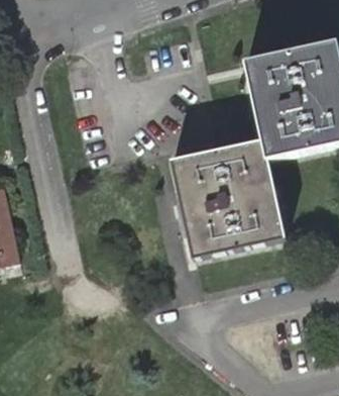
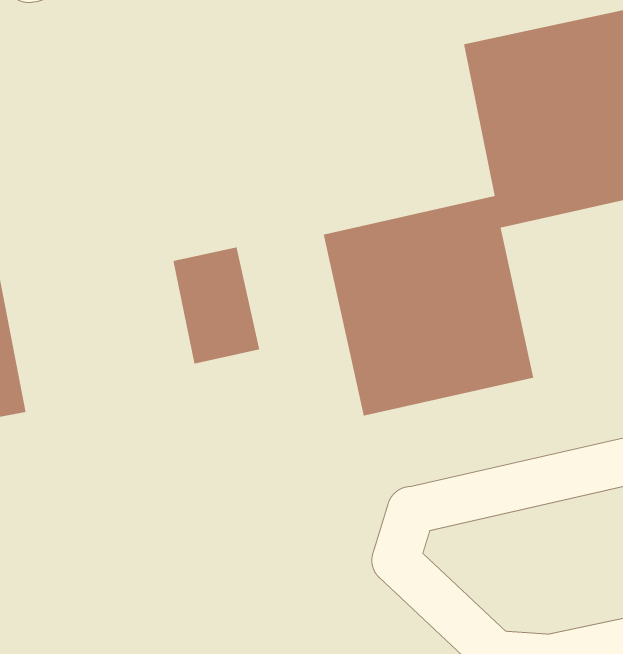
building: none -> [173,246,260,365]

